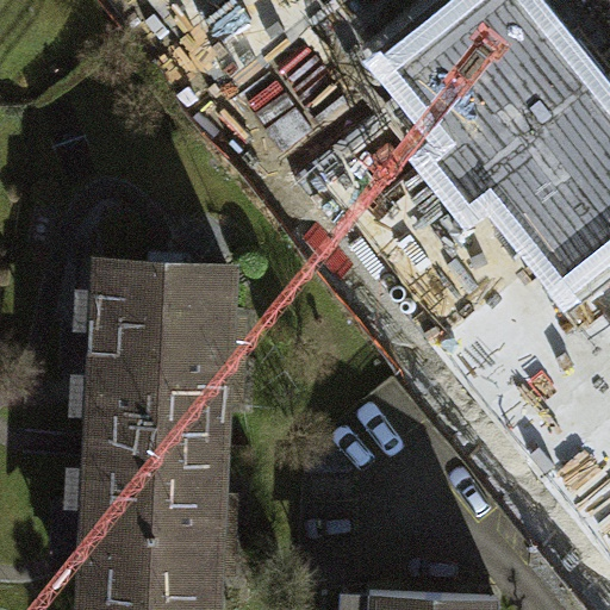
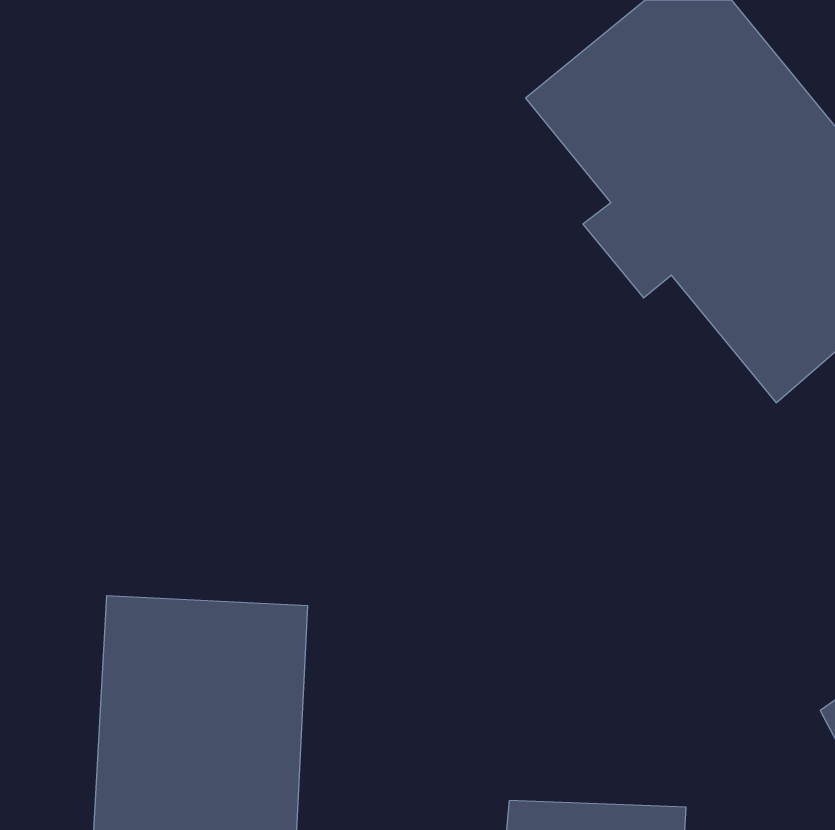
building: [79,259,234,446] -> none

